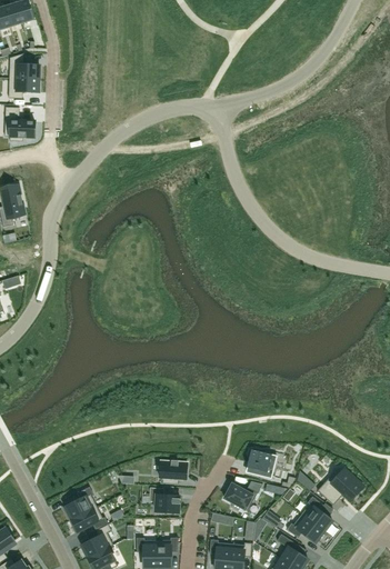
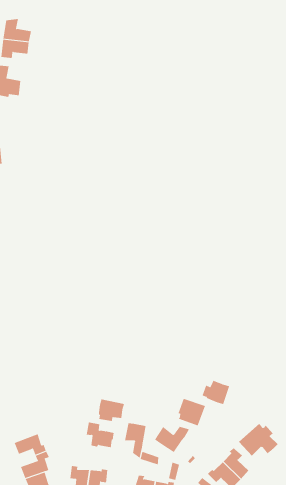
building: none -> [202,380,230,405]
building: none -> [124,422,146,459]
building: [64,487,97,519] -> none

